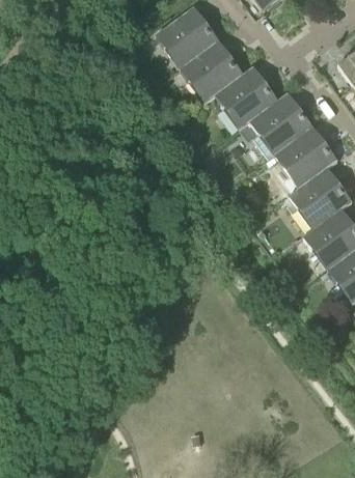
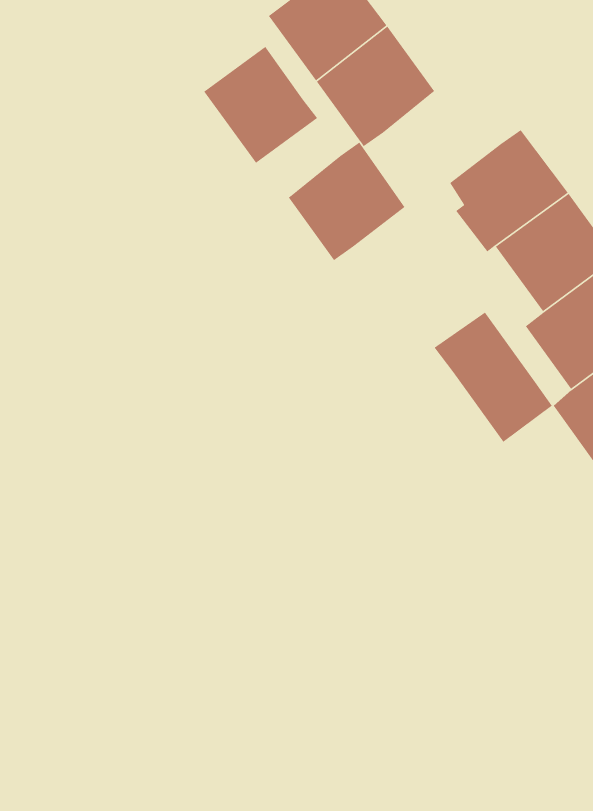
building: none -> [203,46,318,164]
building: [216,67,277,130] -> [288,142,405,261]
building: none -> [434,312,553,443]

